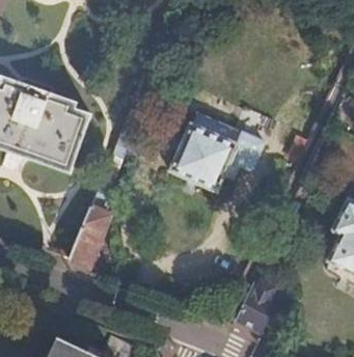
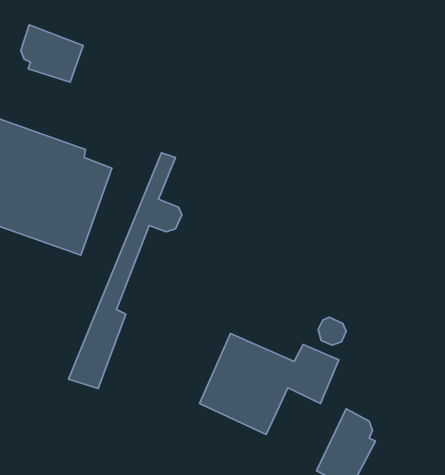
building: none -> [21,25,83,82]
building: [172,122,266,190] -> [199,334,339,434]

